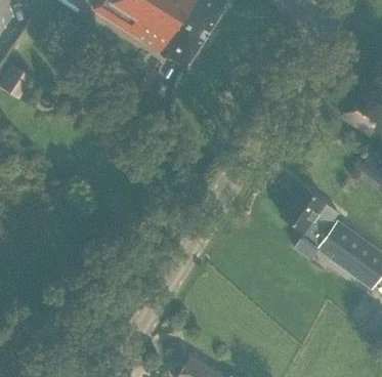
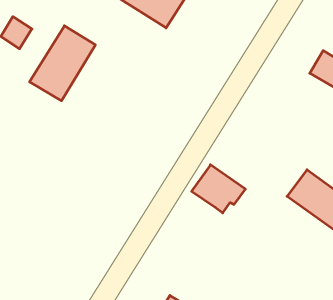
building: none -> [30,26,95,101]
building: [280,186,338,239] -> [192,165,245,213]

